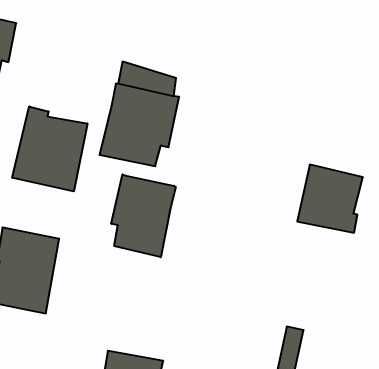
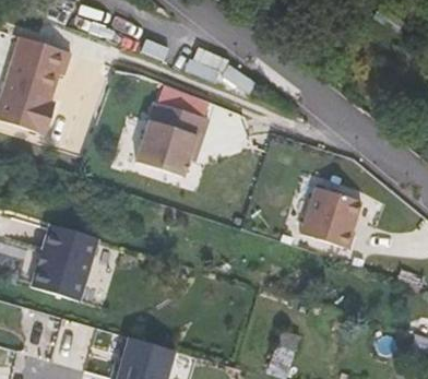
building: [12,106,87,191] -> none
building: [111,174,176,257] -> none

